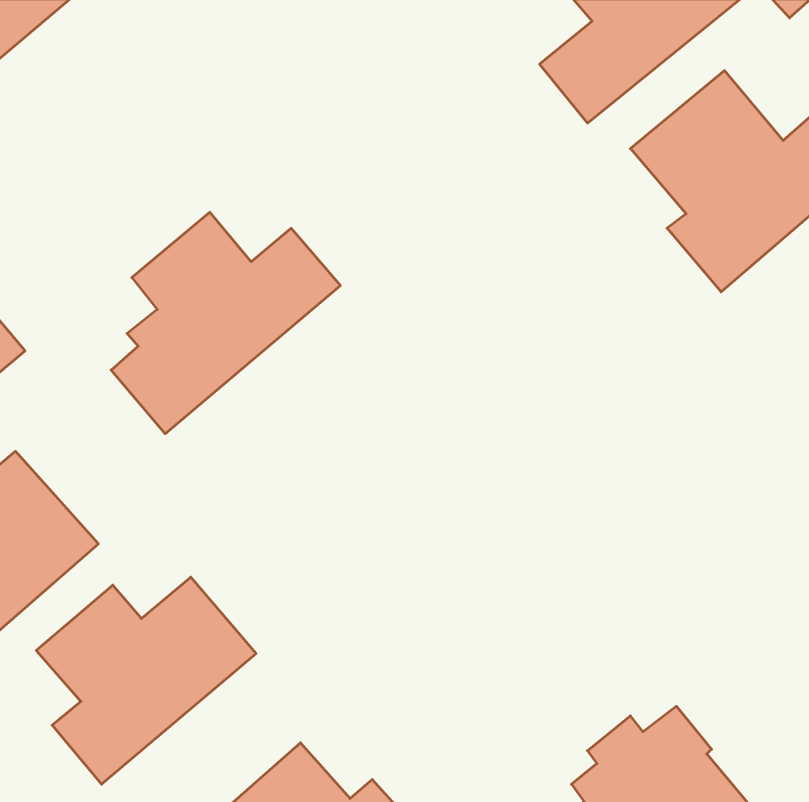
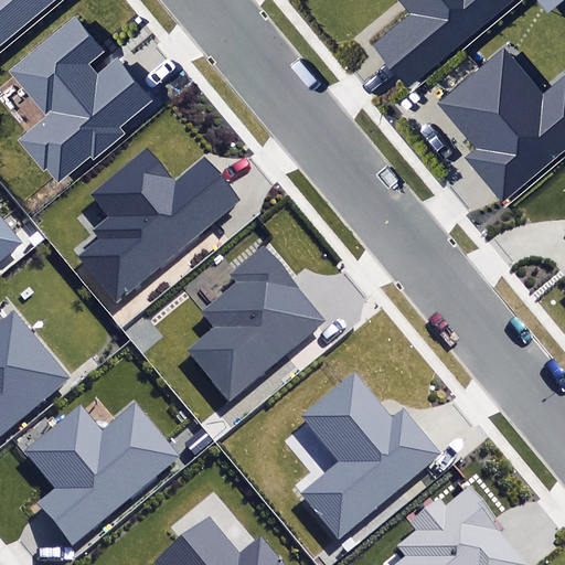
building: none -> [7,18,151,182]
building: none -> [188,250,322,401]
building: none -> [301,373,441,536]

